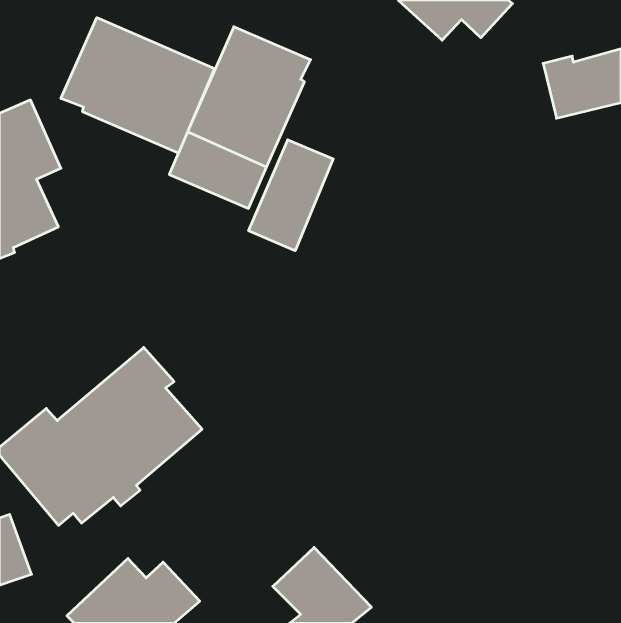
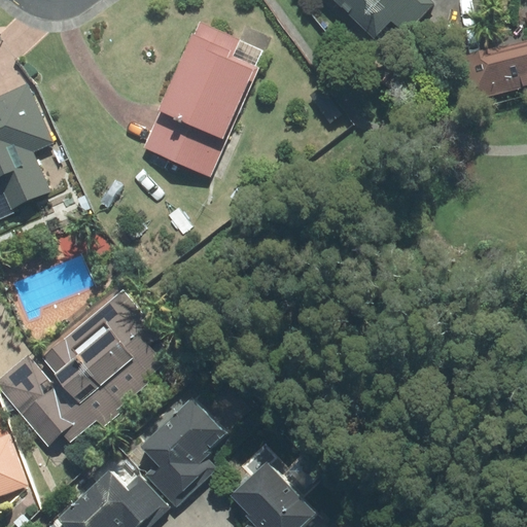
building: [61,18,214,153] -> none
building: [249,140,333,251] -> none
building: none -> [140,398,223,505]

